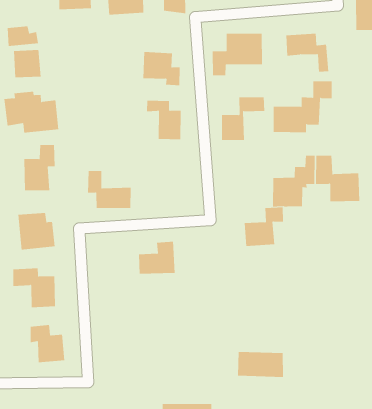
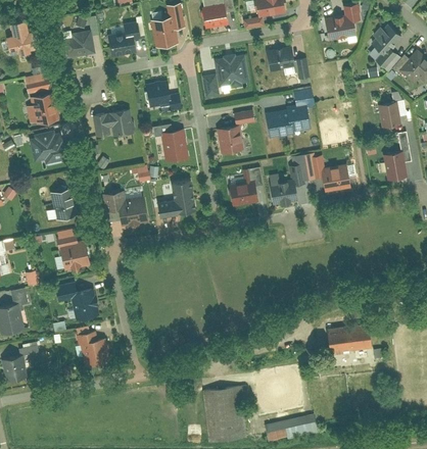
building: none -> [94,109,134,138]
building: [244,207,284,246] -> [229,167,264,206]
building: [138,241,176,274] -> [156,184,191,216]
building: [237,351,284,377] -> [328,327,371,352]

